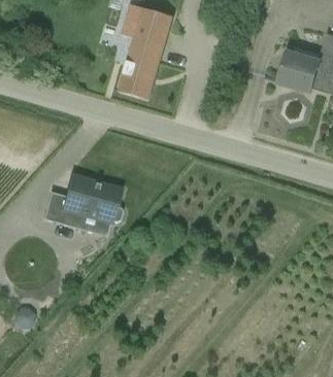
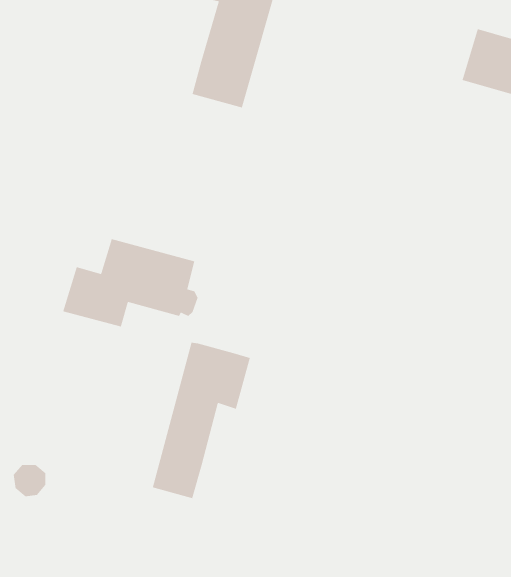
building: none -> [152,342,251,499]

